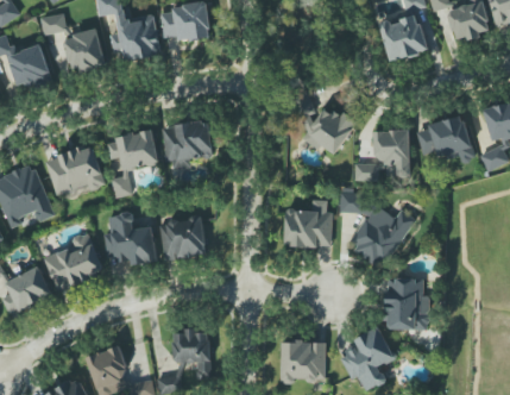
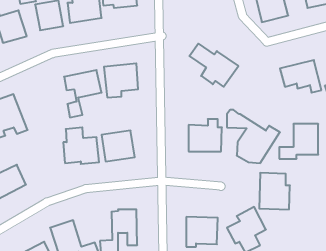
building: [354,130,410,180] -> [279,124,318,159]
building: [45,144,105,195] -> none
building: [43,232,103,291] -> none

